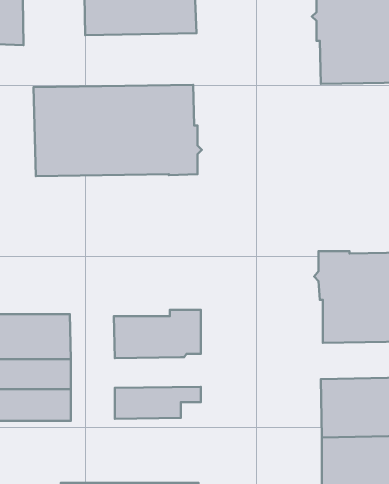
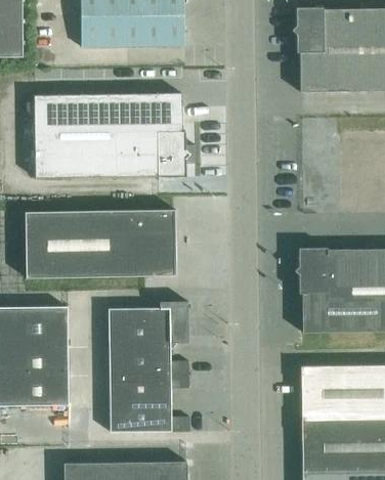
building: none -> [25,209,176,277]
building: none -> [109,346,188,375]
building: none -> [109,402,189,432]

